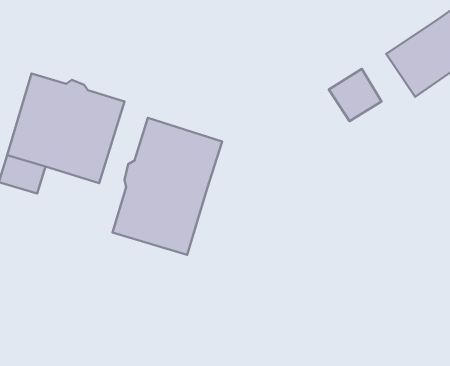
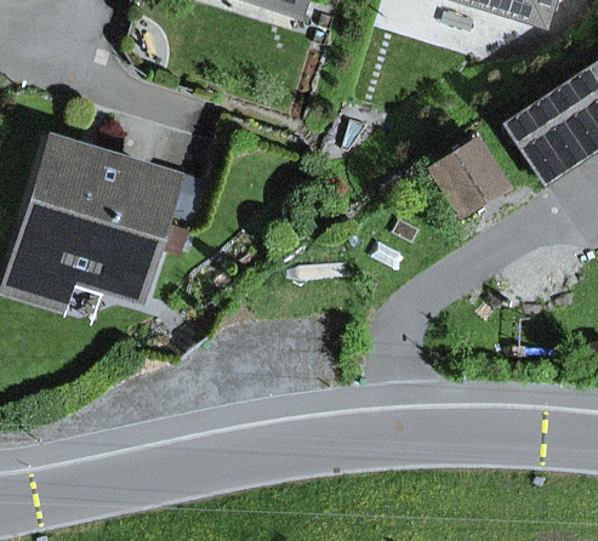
building: [112,118,222,255] -> none

